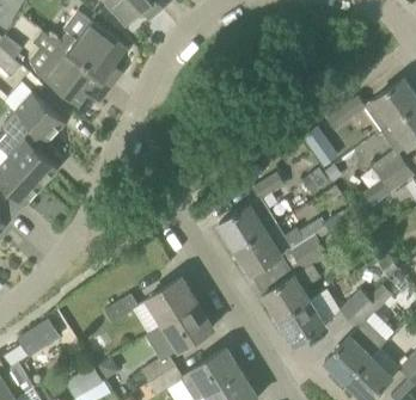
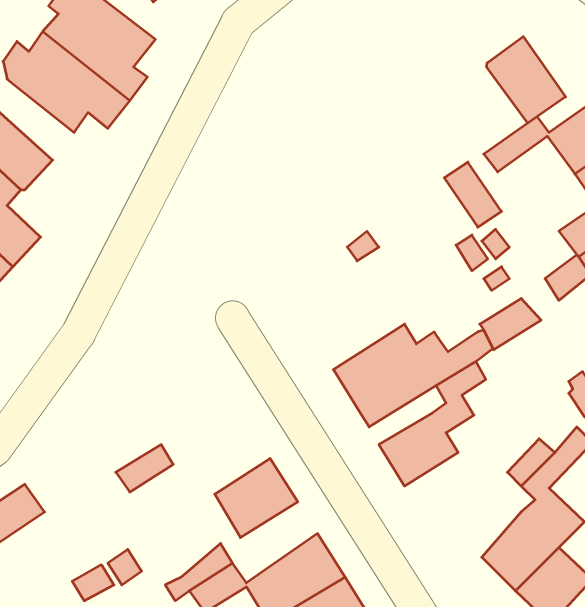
building: none -> [487,37,566,123]
building: [218,173,283,250] -> none
building: [147,278,196,325] -> none
building: [277,300,325,345] -> none

